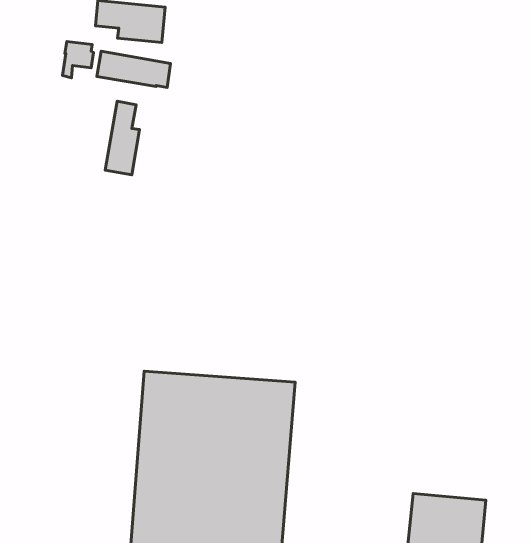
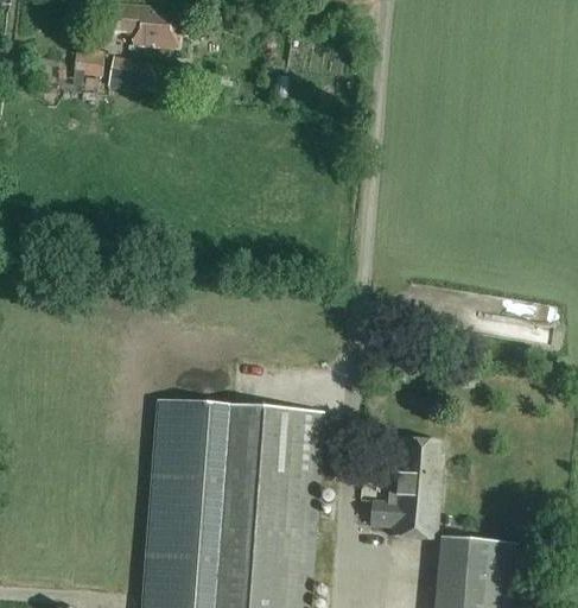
building: [105,101,140,175] -> none
building: none -> [367,441,442,543]

